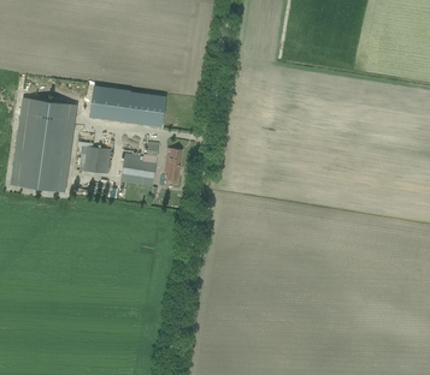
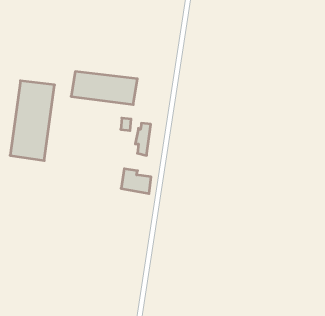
building: [79,145,111,173] -> none
building: [122,153,157,181] -> [121,169,151,194]

